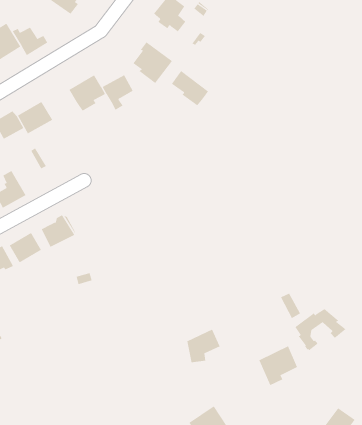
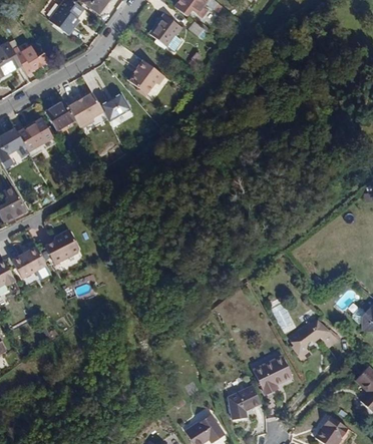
building: [171,70,209,106] -> none
building: none -> [46,100,75,129]
building: [187,329,221,363] -> [227,386,260,419]

